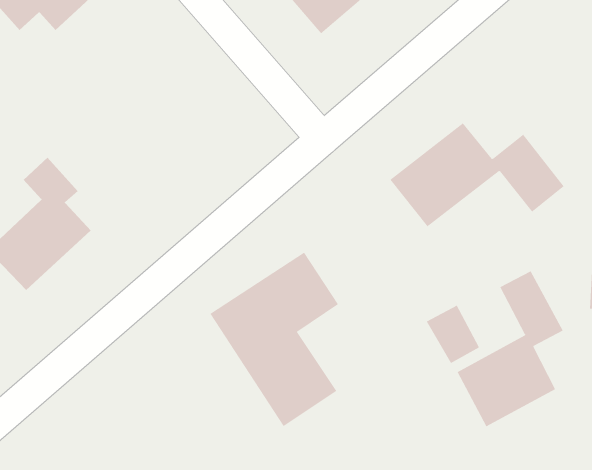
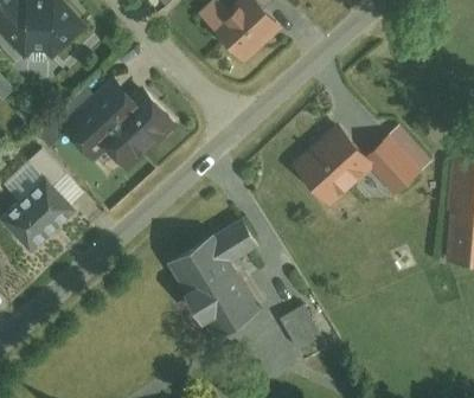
building: none -> [63,77,175,160]
building: [457,270,564,427] -> none
building: [426,305,480,364] -> [282,312,321,354]

